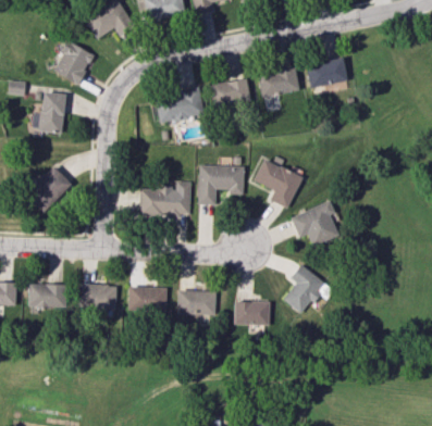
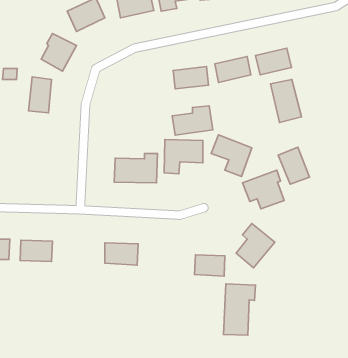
building: [156,87,203,122] -> [172,106,213,135]
building: none -> [270,79,302,122]
building: [25,165,72,212] -> none
building: none -> [278,147,309,184]
building: [79,284,116,311] -> none
building: [177,290,215,315] -> none
building: none -> [223,284,256,335]

